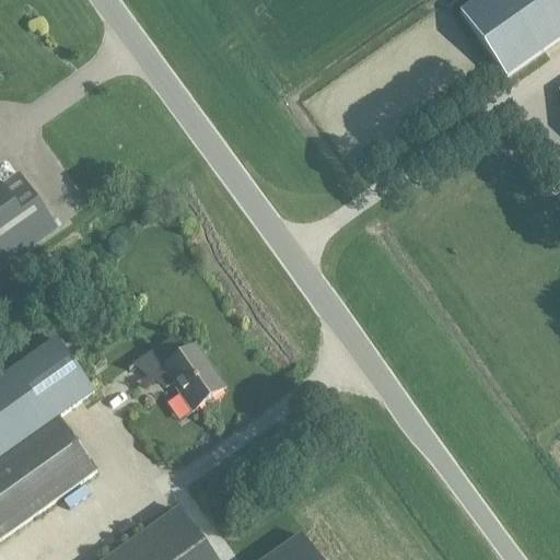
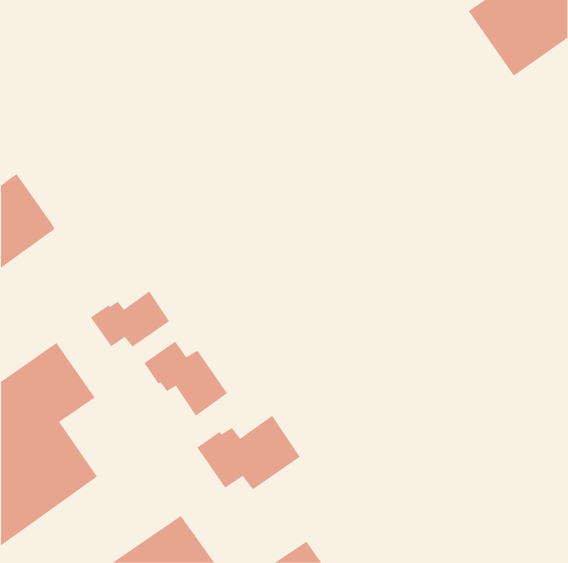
building: none -> [90,291,170,347]
building: none -> [197,415,300,490]

